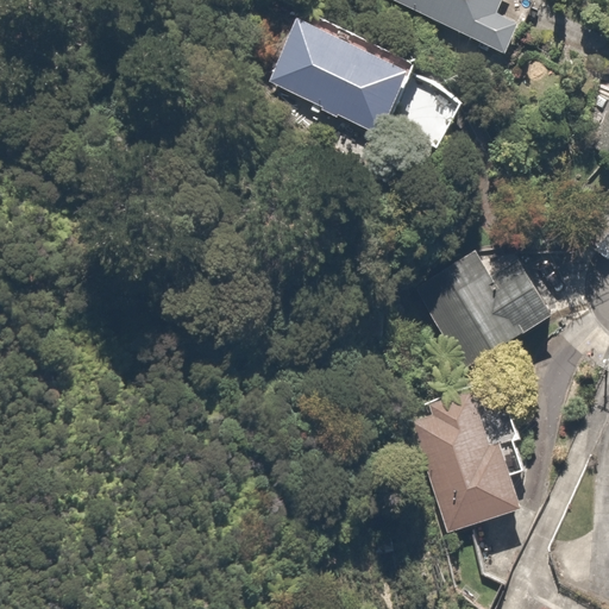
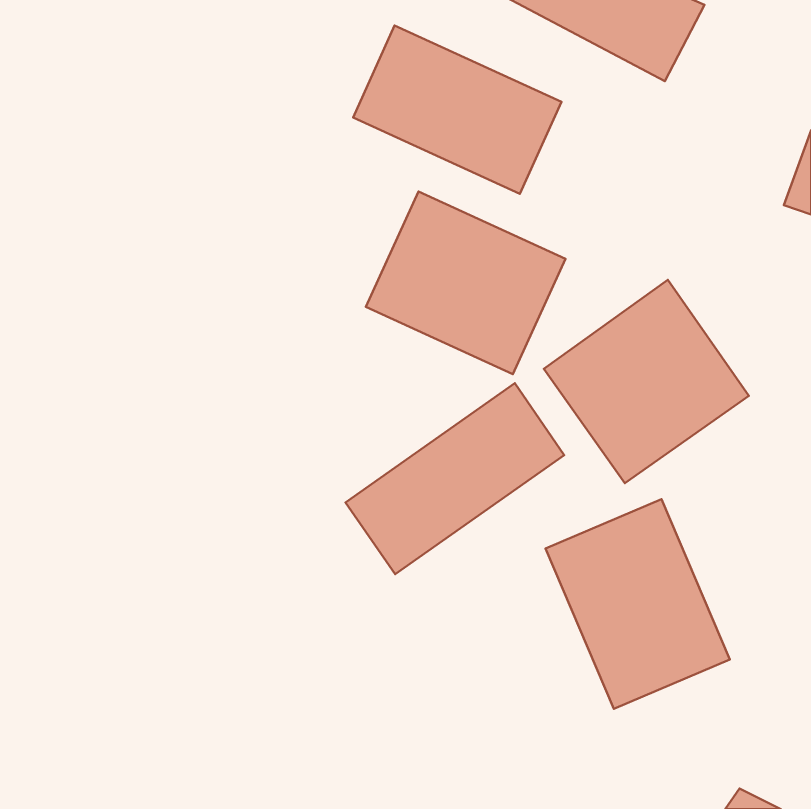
building: none -> [366,192,566,374]
building: none -> [345,383,564,574]

